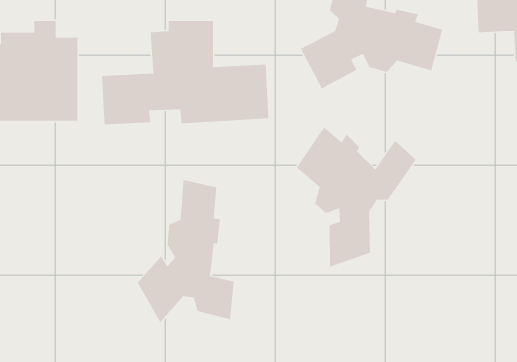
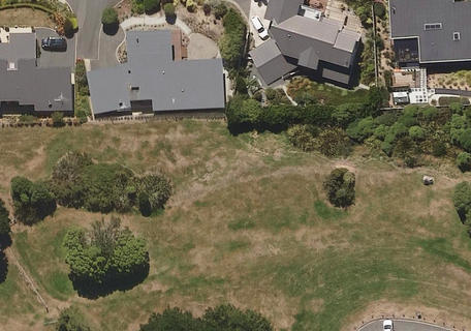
building: [296,126,417,268] -> none
building: [137,179,235,324] -> none

